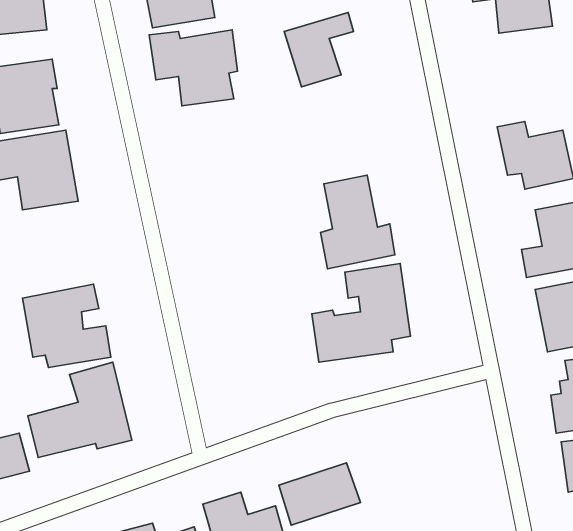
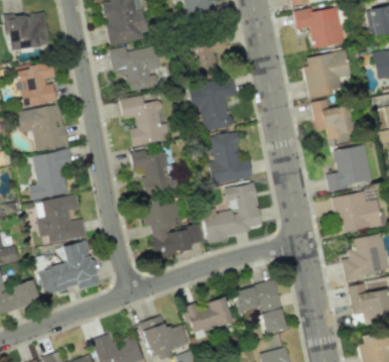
building: none -> [304,49,351,98]
building: none -> [188,78,237,130]
building: none -> [120,95,168,146]
building: none -> [131,147,178,192]
building: none -> [29,148,73,200]
building: none -> [142,196,204,257]
building: none -> [233,279,286,333]

